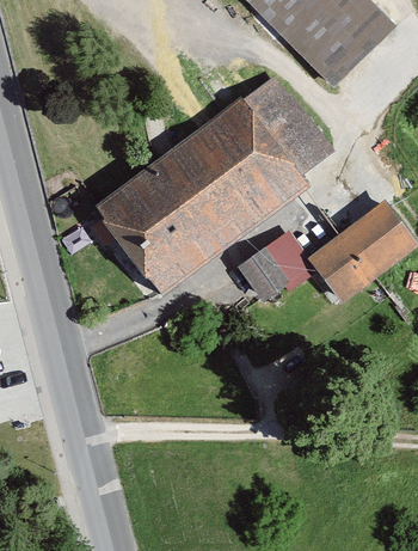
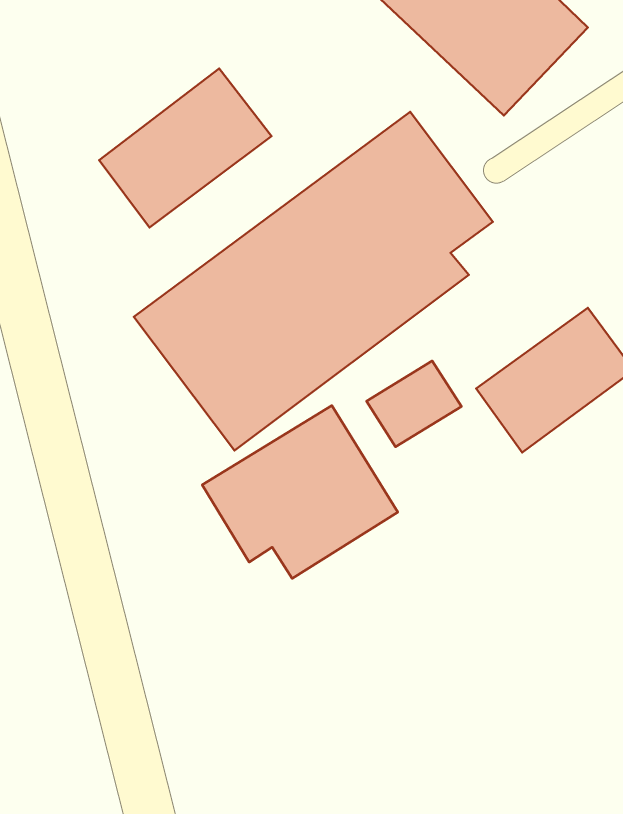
building: none -> [99,68,272,228]
building: none -> [202,406,398,578]

